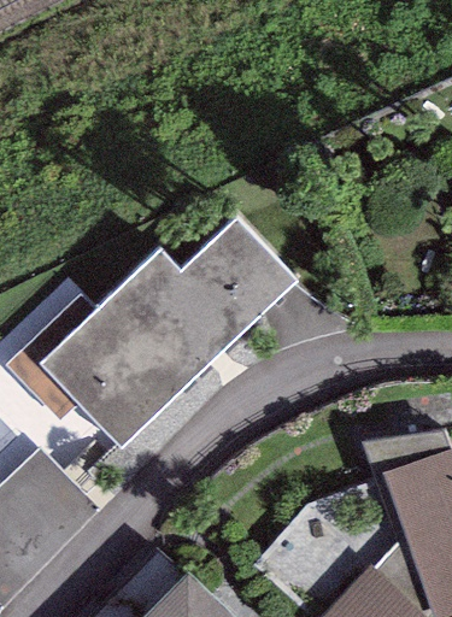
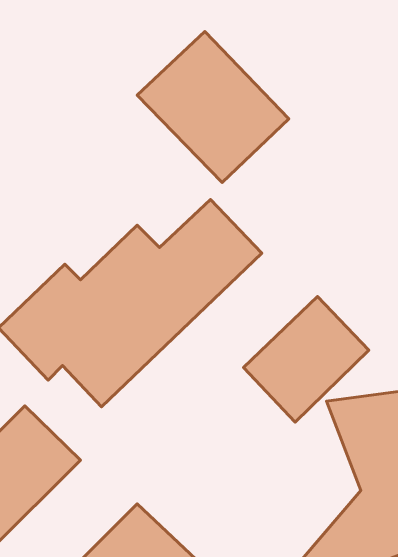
building: none -> [137,31,289,183]
building: none -> [244,297,369,422]

